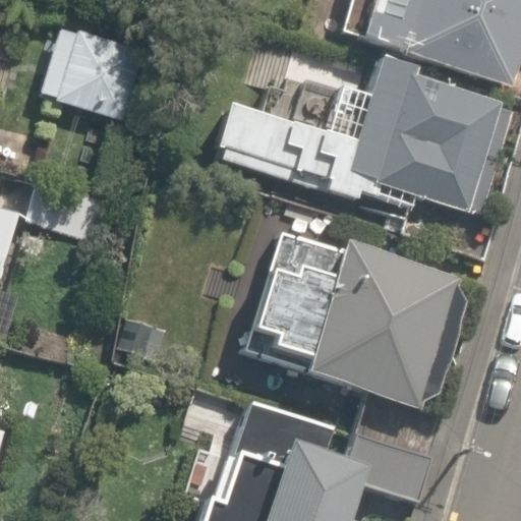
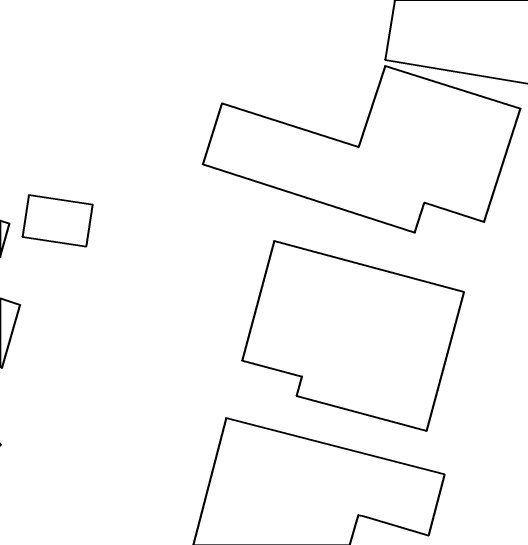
building: [42,24,153,120] -> none

